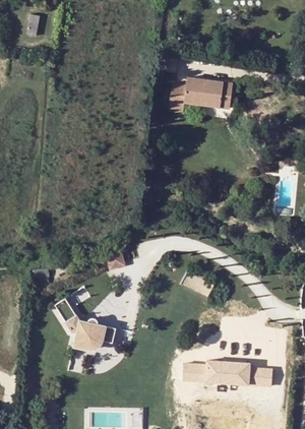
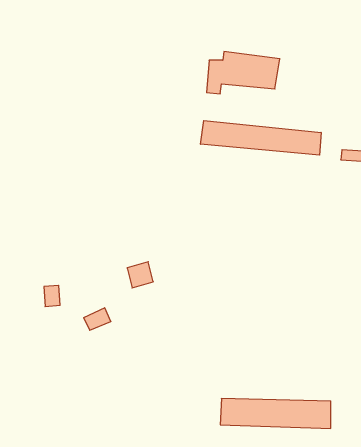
building: none -> [201,121,321,155]
building: [54,298,115,350] -> none

